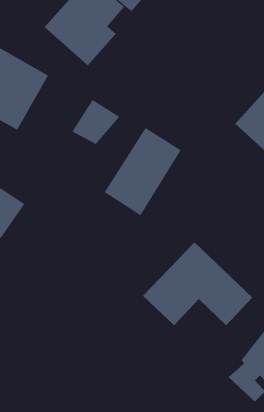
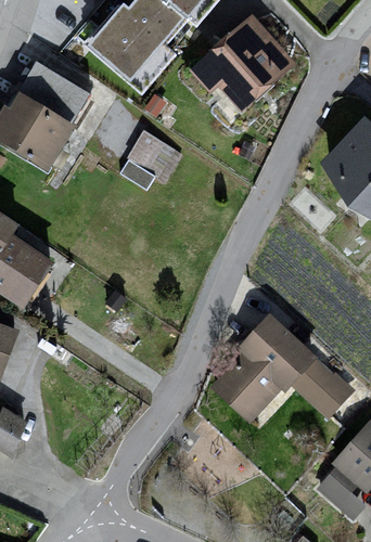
building: none -> [188,14,295,108]
building: [104,127,182,216] -> none

